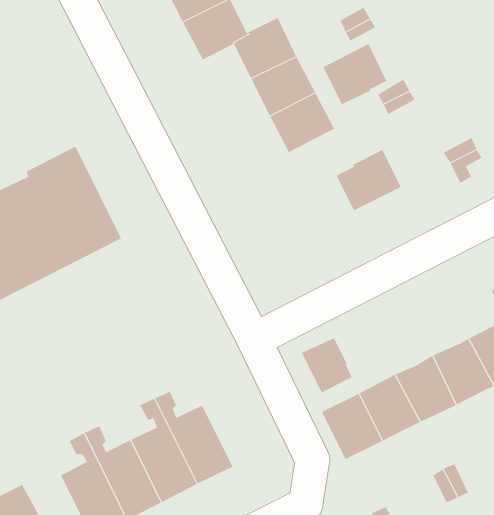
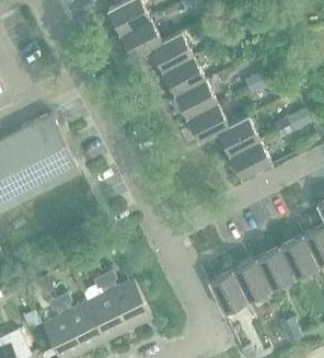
building: [323,43,388,105] -> [185,102,227,141]
building: none -> [227,139,269,178]
building: [301,337,353,393] -> none

